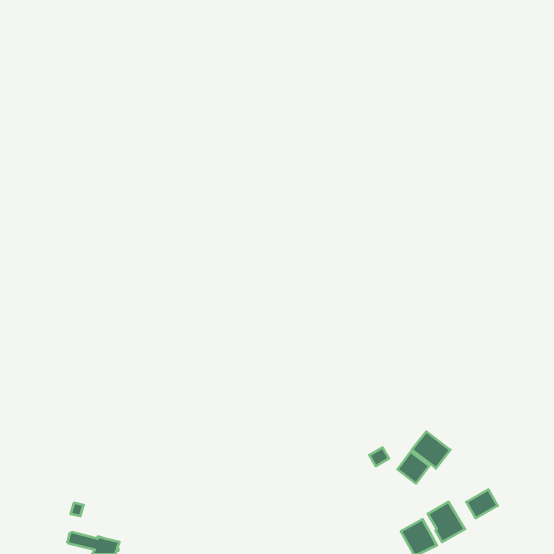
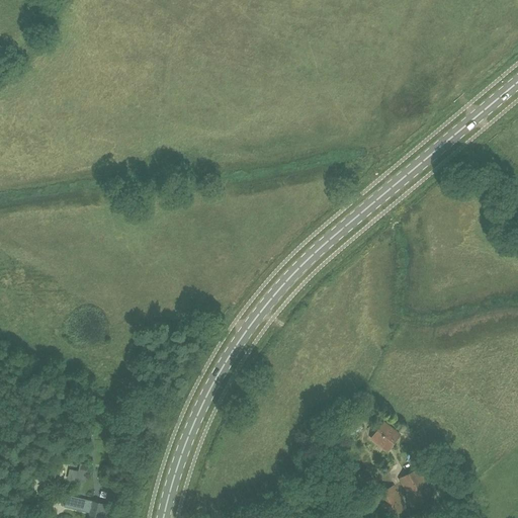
building: [412,432,450,468] -> none
building: [466,490,498,518] -> none

